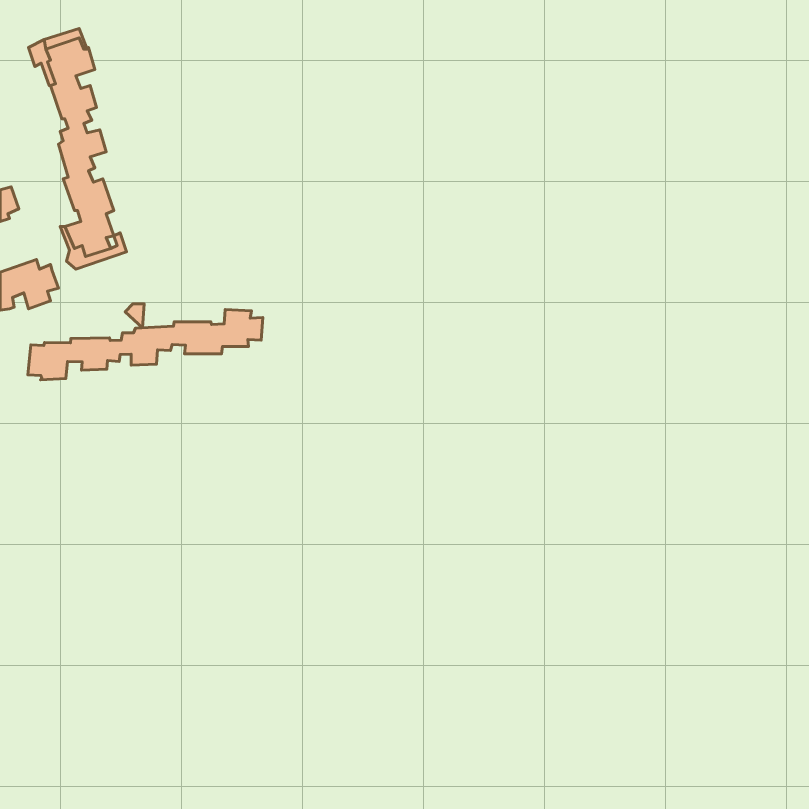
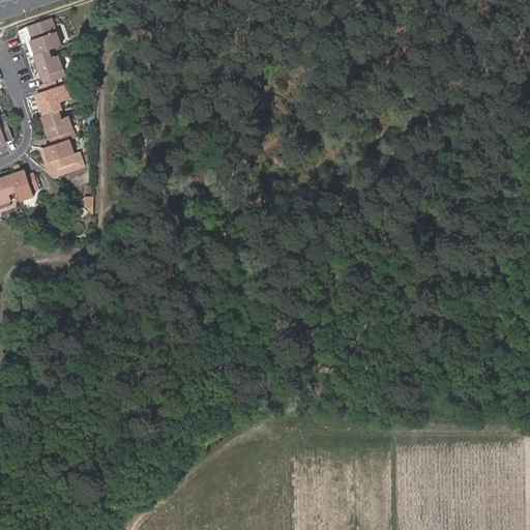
building: [28,310,263,380] -> none

